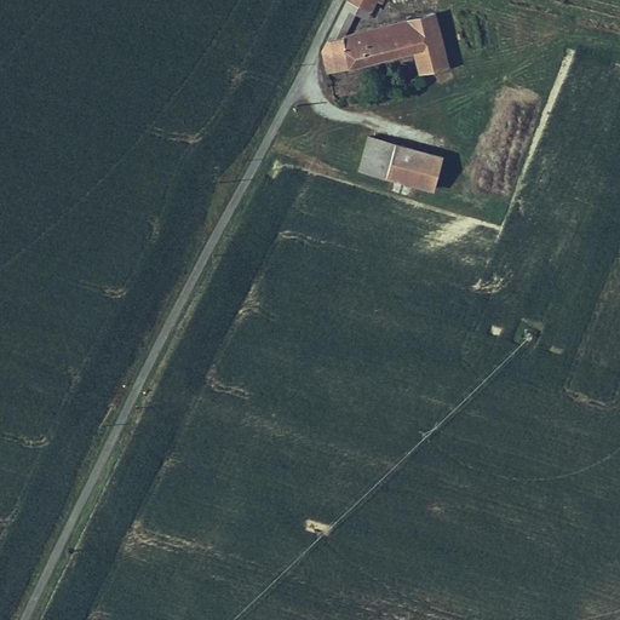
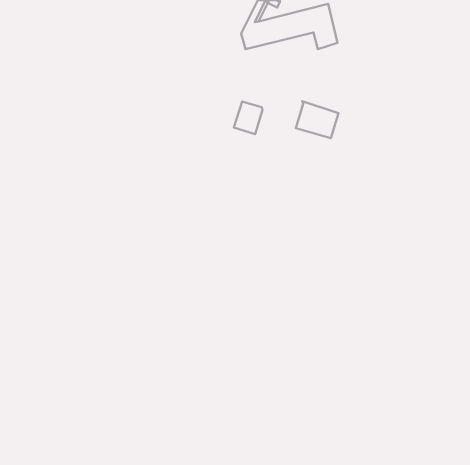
building: [363,137,401,179] -> [234,102,262,134]

